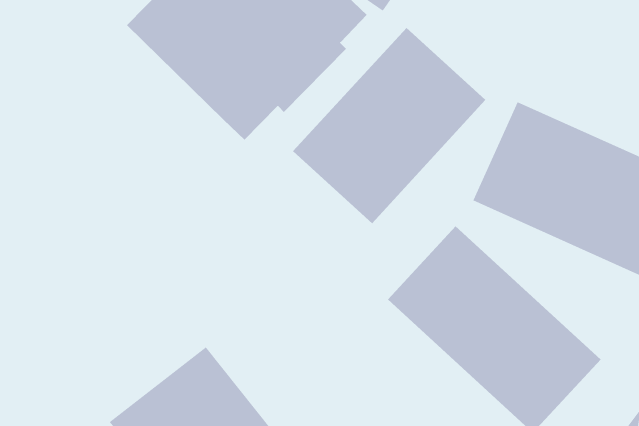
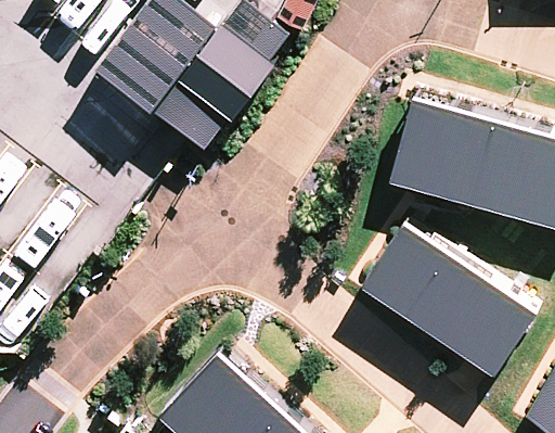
building: [292,27,486,224] -> none

